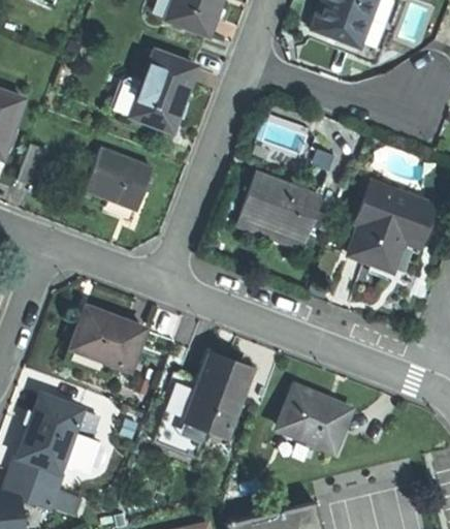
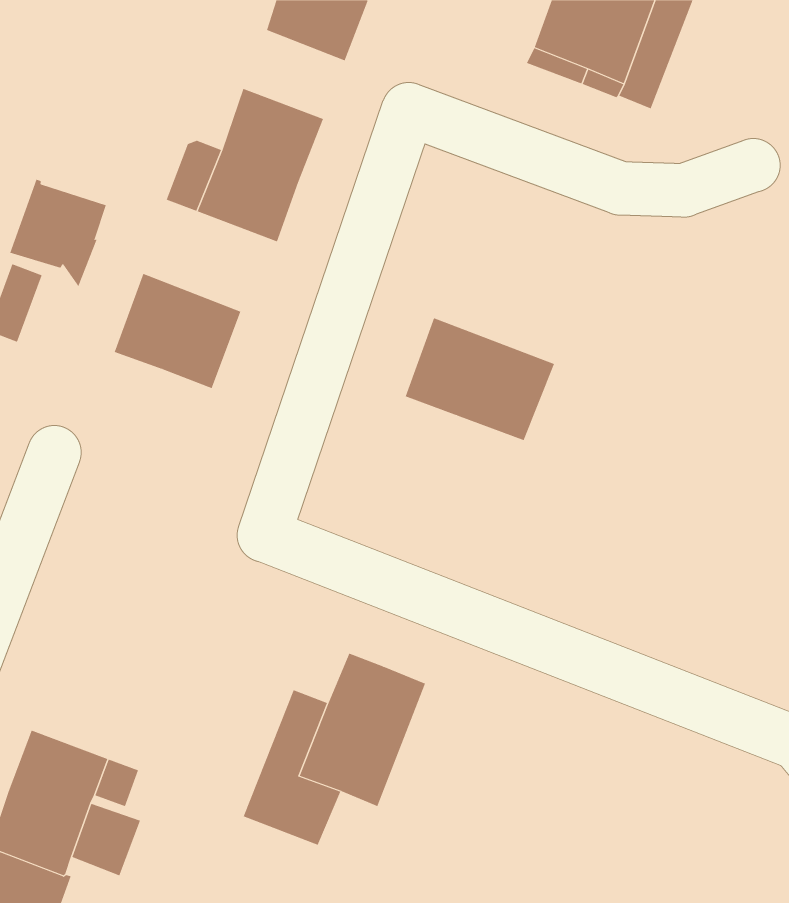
building: none -> [10,179,107,287]
building: [350,181,436,270] -> none
building: [71,304,146,369] -> none
building: [281,386,351,449] -> none

